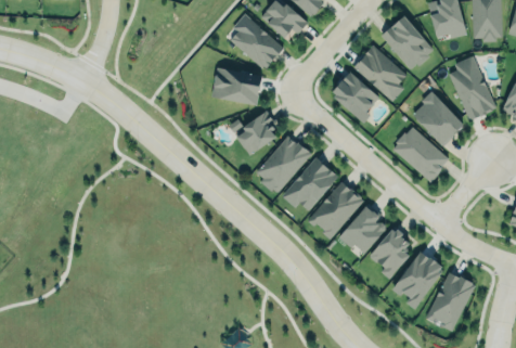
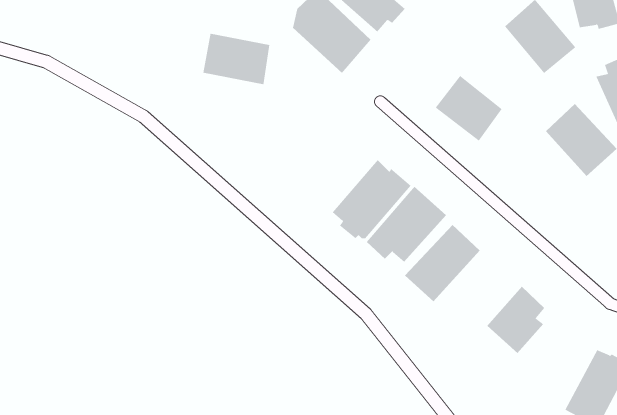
building: [353,46,408,101] -> none
building: [212,67,262,105] -> [202,33,270,85]
building: [230,112,281,155] -> none
building: [390,125,449,181] -> none
building: [338,203,387,253] -> none
building: [394,253,443,310] -> none

